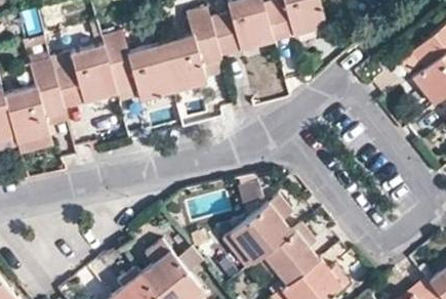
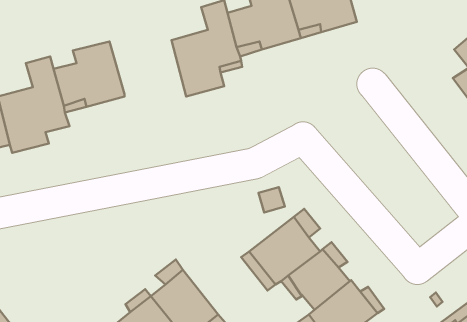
building: [100,31,172,102] -> none

